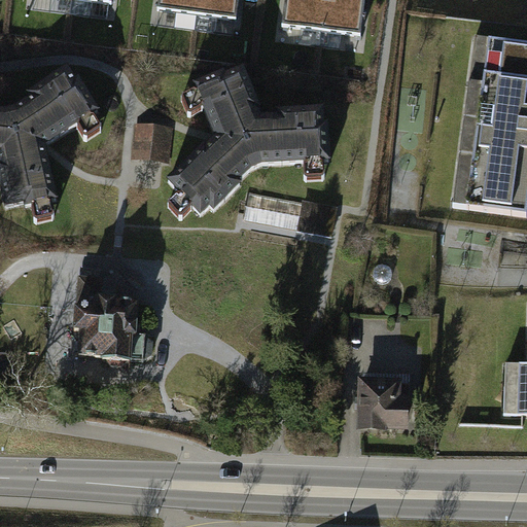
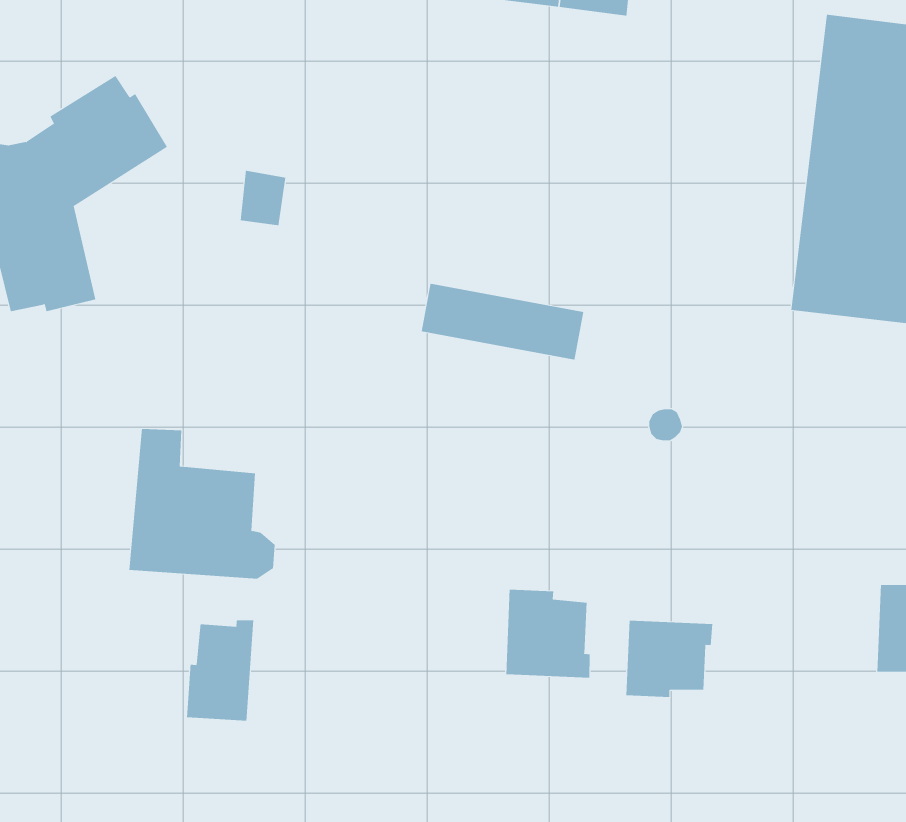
building: [169,69,329,212] -> none
building: none -> [506,589,590,678]
building: none -> [186,620,254,722]

